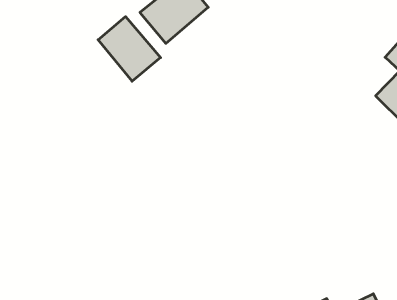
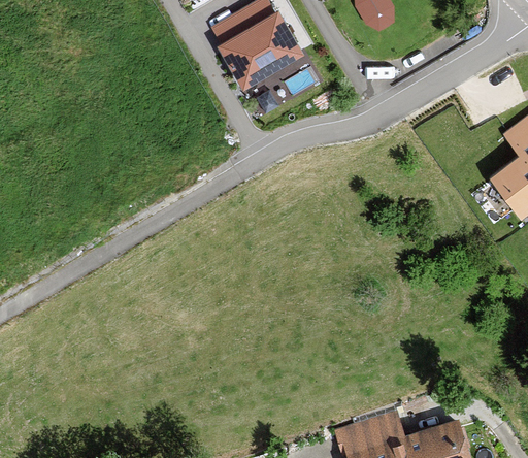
building: [98,17,161,81] -> none

